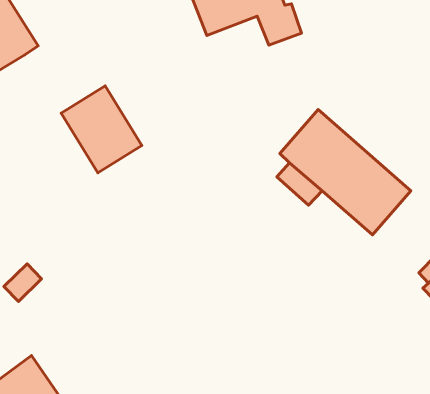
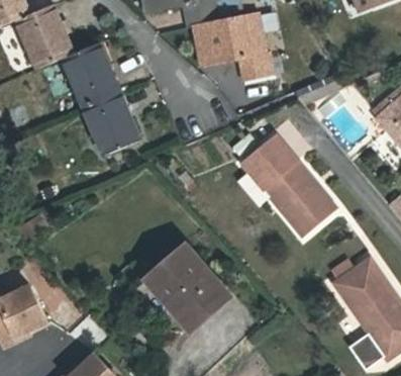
building: none -> [63,42,119,106]
building: none -> [147,246,227,326]

